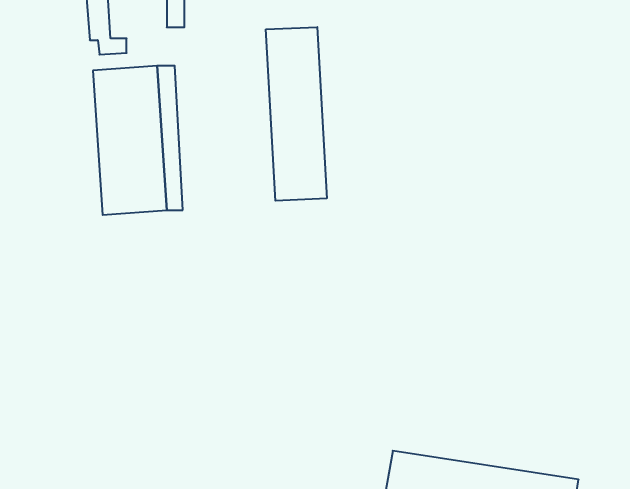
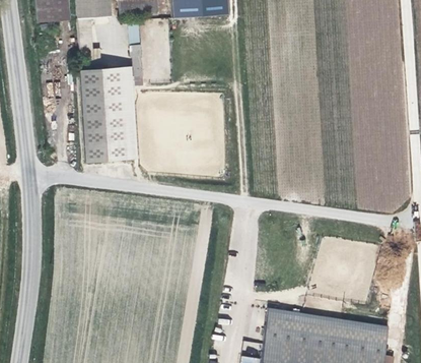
building: [266,27,327,201] -> none

